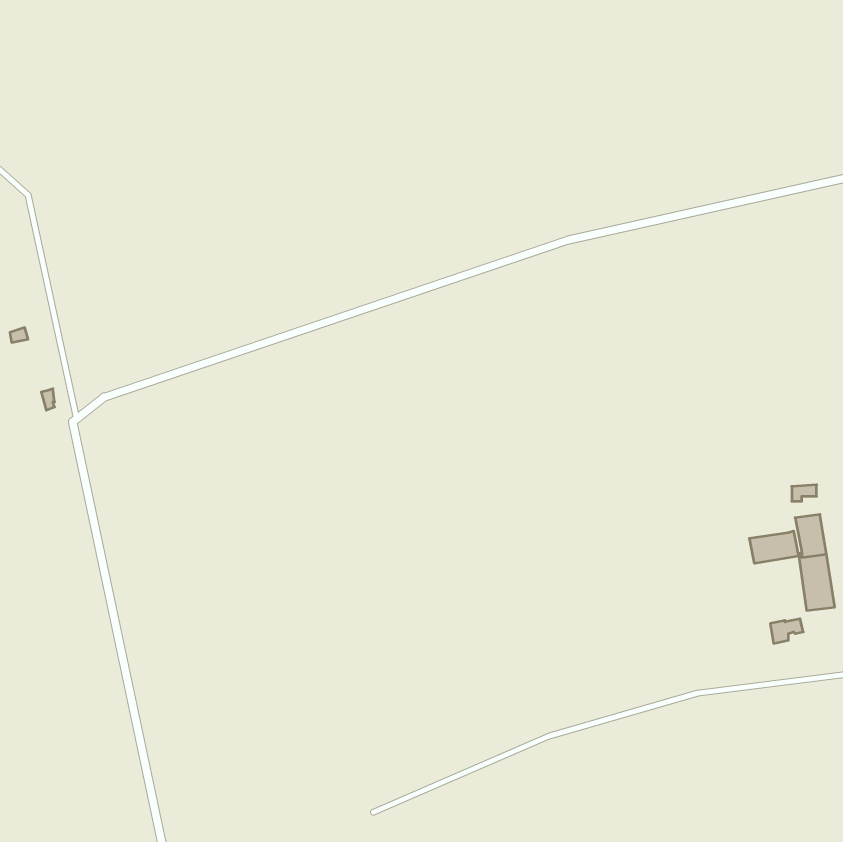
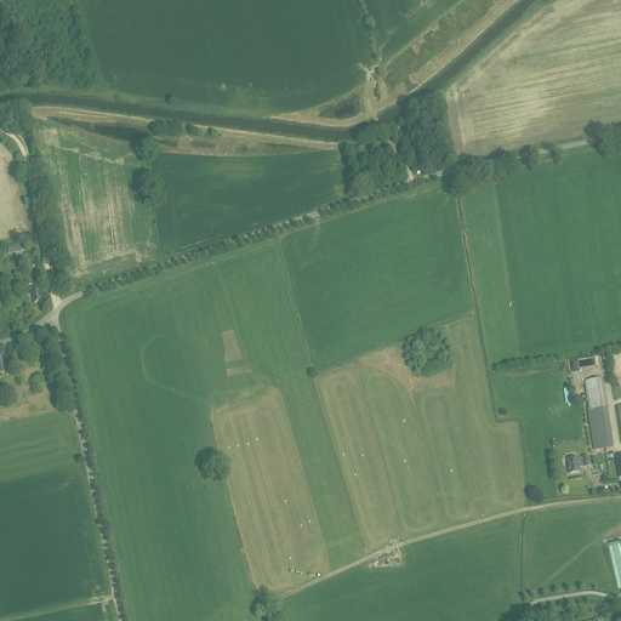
building: [749,531,799,563] -> none

